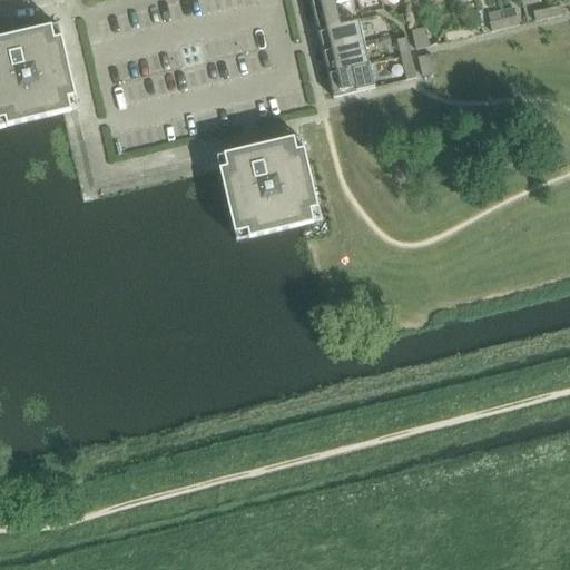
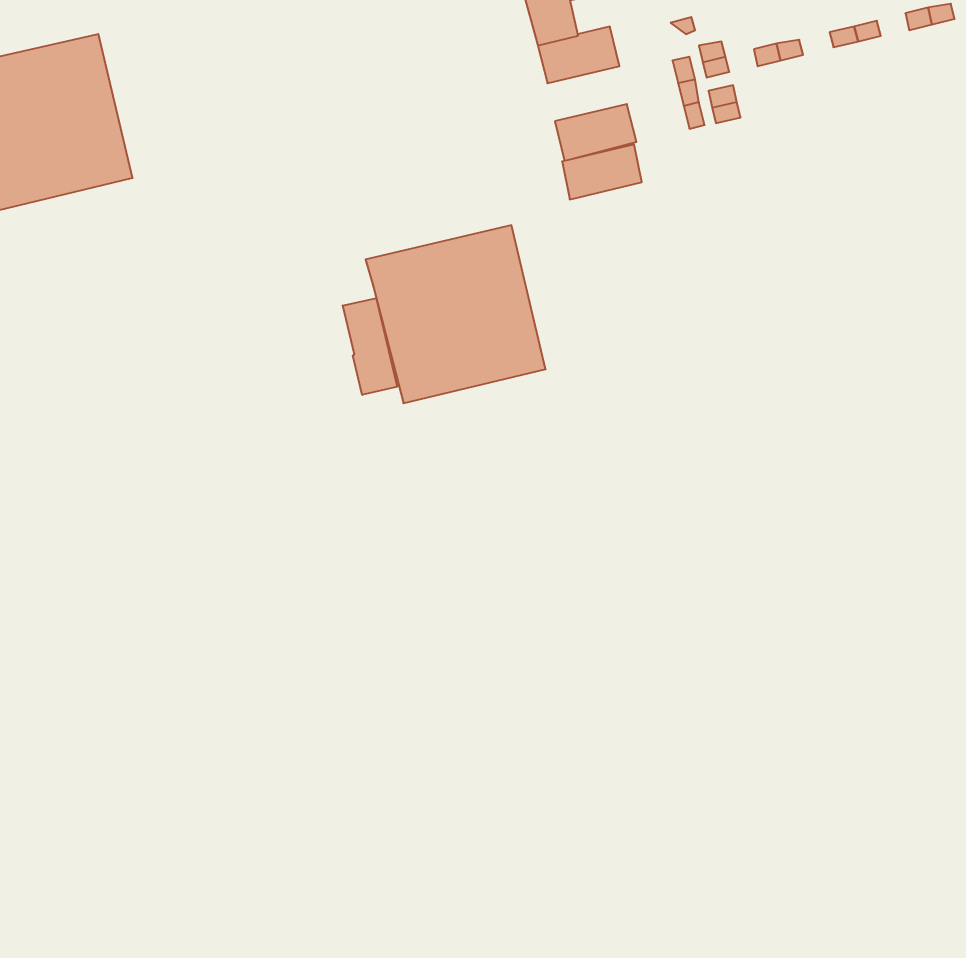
building: [322,39,368,71] -> [562,144,642,199]
building: none -> [343,298,397,395]

